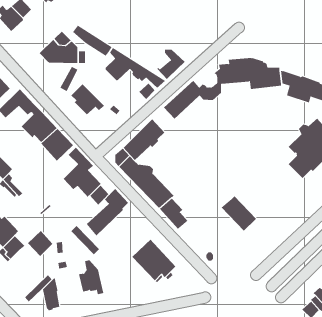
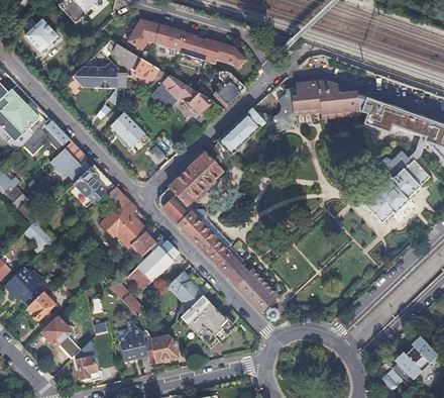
building: none -> [128,18,245,68]
building: [221,196,257,232] -> [235,270,278,312]
building: none -> [168,271,212,314]
building: [27,230,53,257] -> [41,314,72,345]
building: none -> [144,334,179,363]

